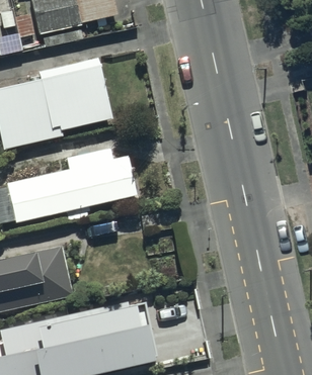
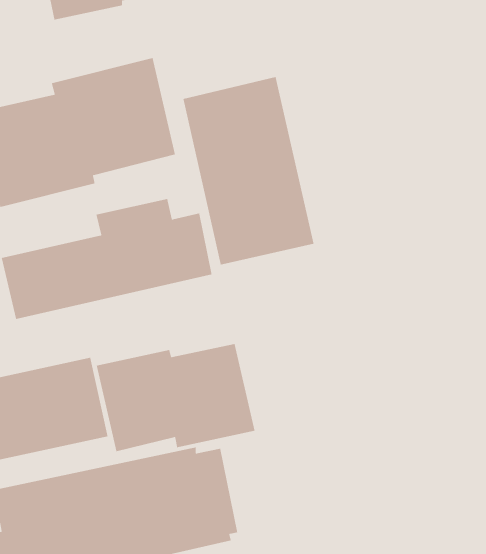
building: none -> [183,76,314,265]
building: none -> [96,343,256,452]

